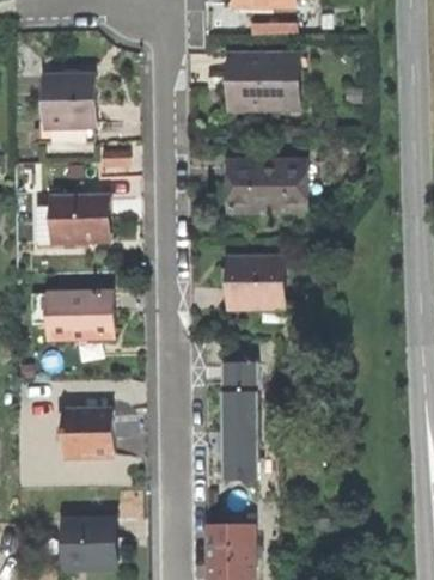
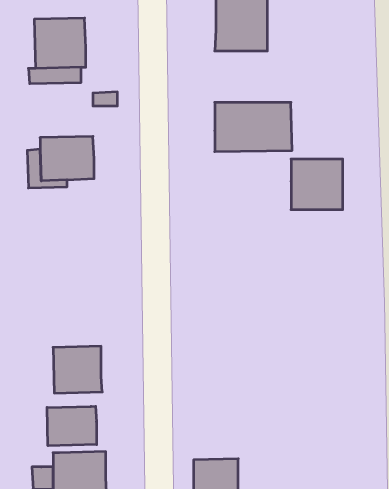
building: [228,258,281,310] -> [291,159,343,210]
building: [48,292,112,340] -> none
building: [220,362,258,480] -> none
building: none -> [47,406,97,446]

